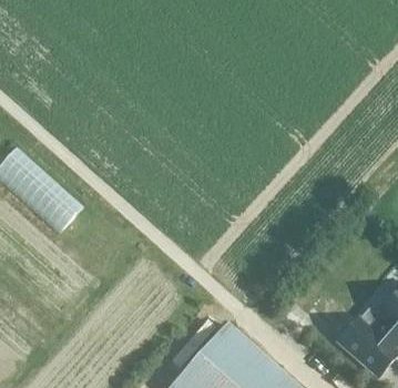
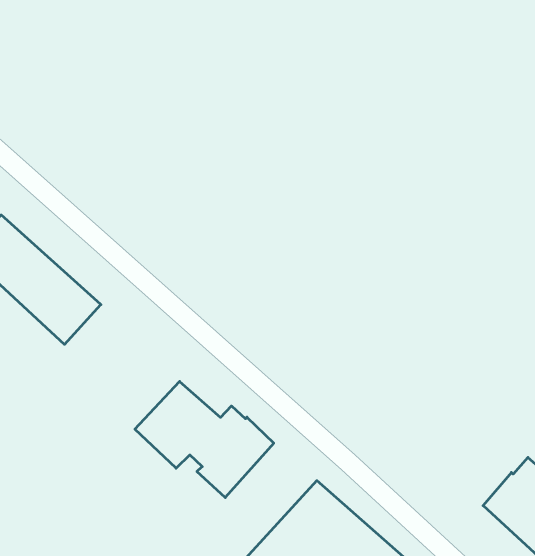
building: none -> [135,381,274,498]

